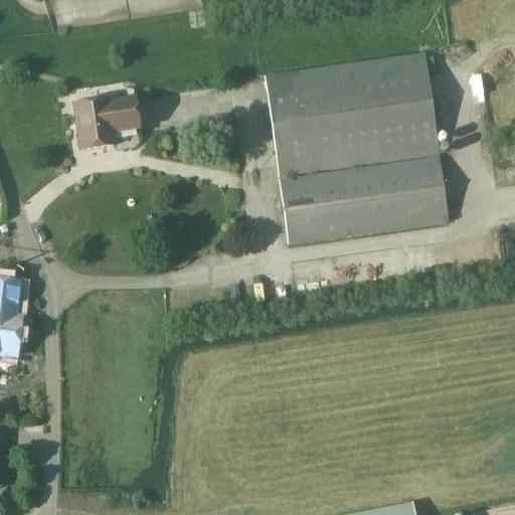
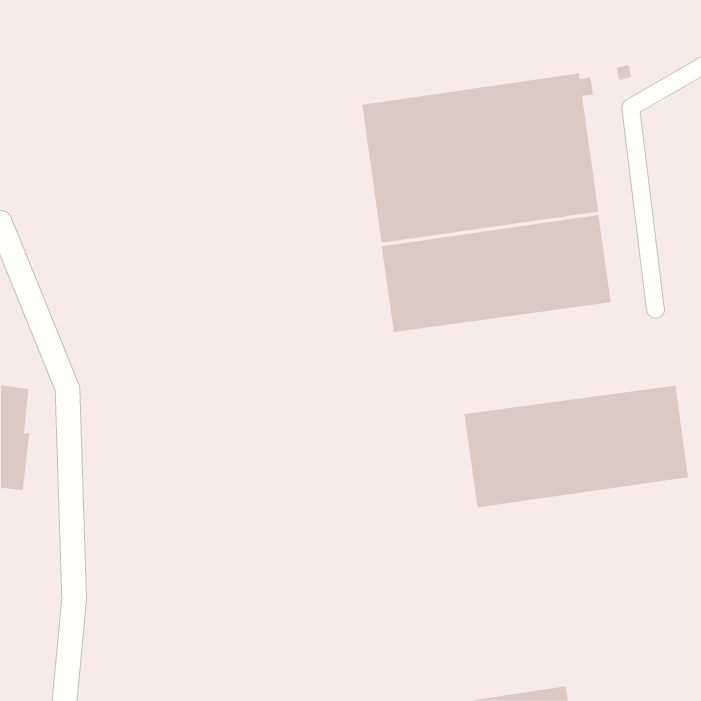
building: [76,100,141,150] -> none
building: none -> [464,385,689,508]

